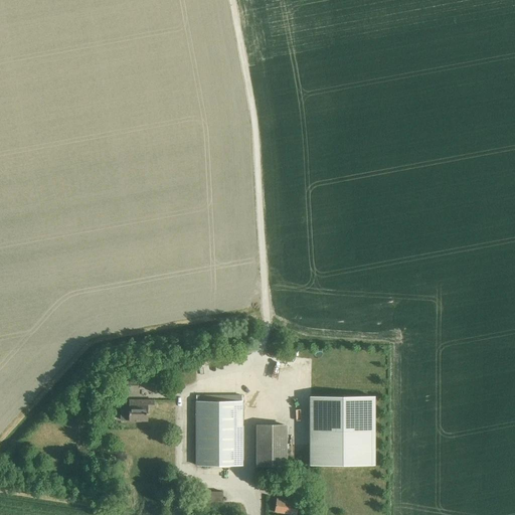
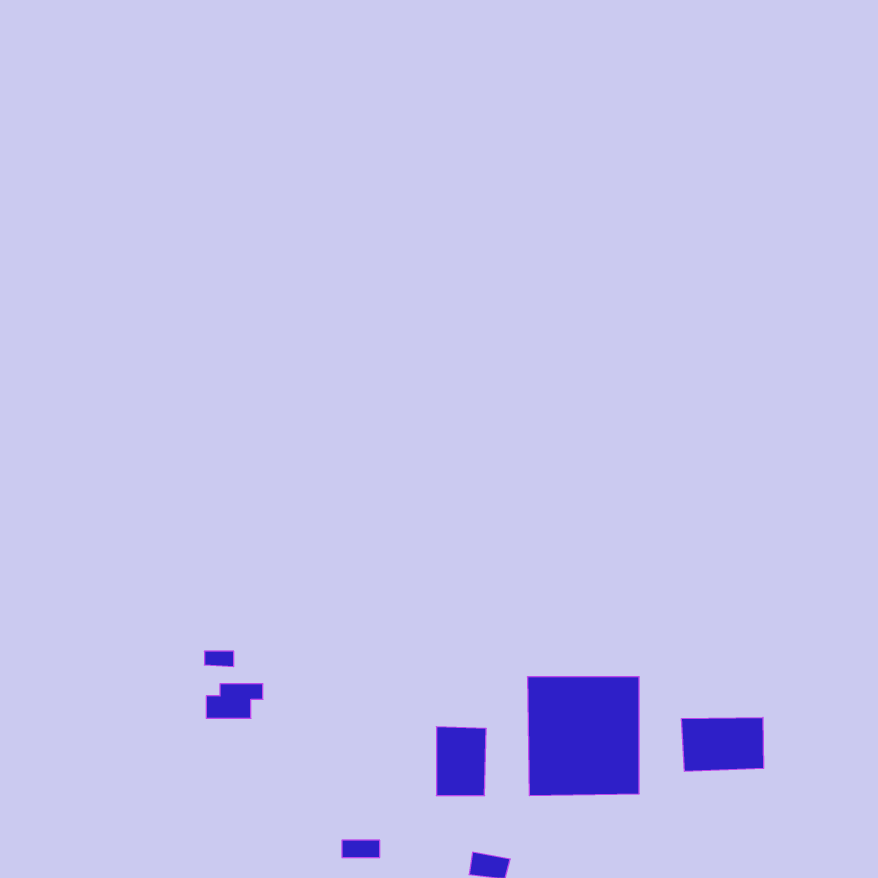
building: [196,395,242,466] -> none
building: none -> [682,717,764,771]

